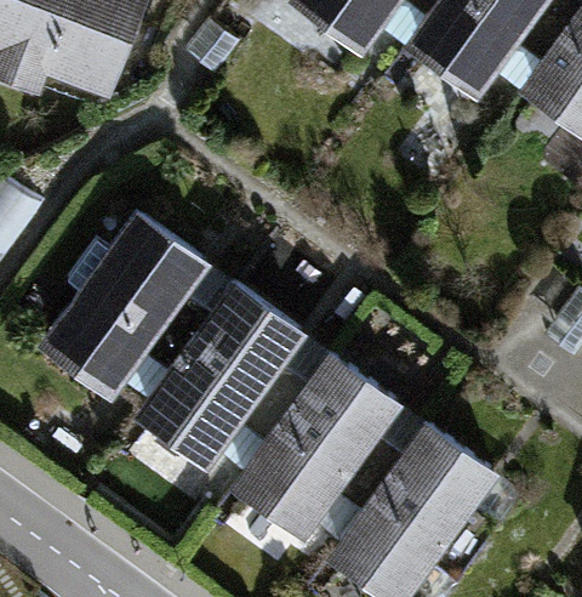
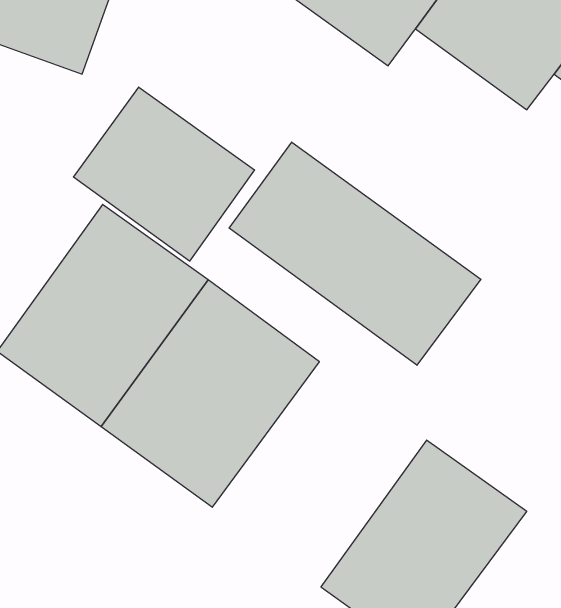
building: none -> [73,87,255,261]
building: none -> [229,142,481,365]
building: [226,348,415,547] -> none

